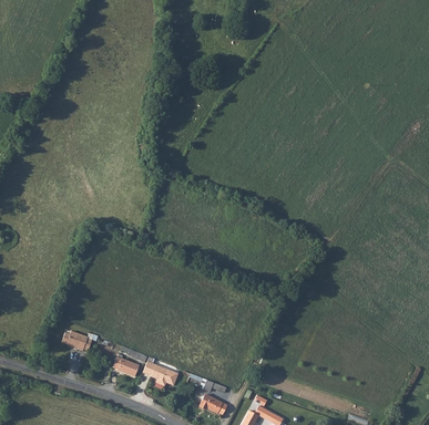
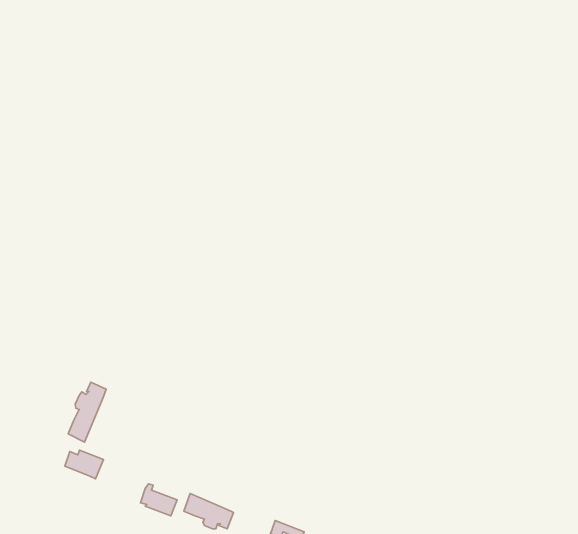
building: none -> [68,382,106,442]

